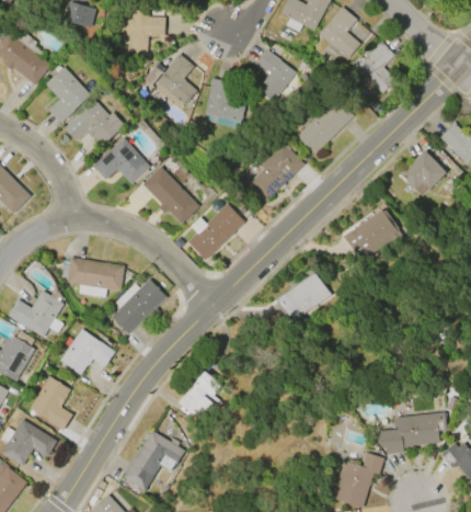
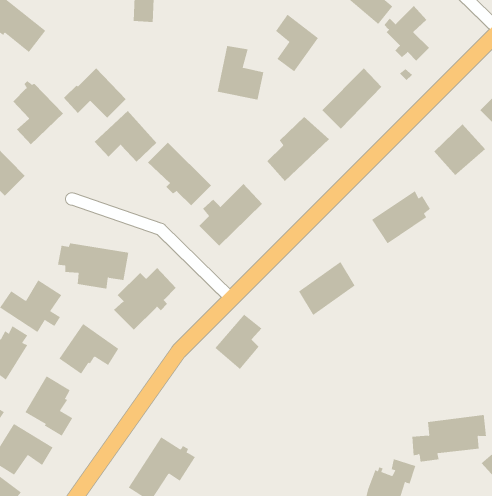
building: [157,54,198,109] -> none
building: [45,66,91,124] -> [13,81,64,145]
building: [180,372,222,422] -> [215,314,262,370]

